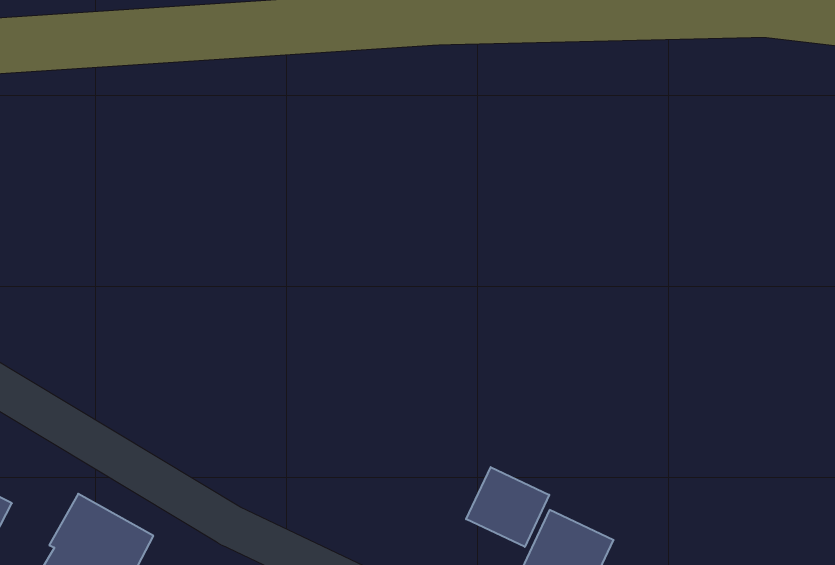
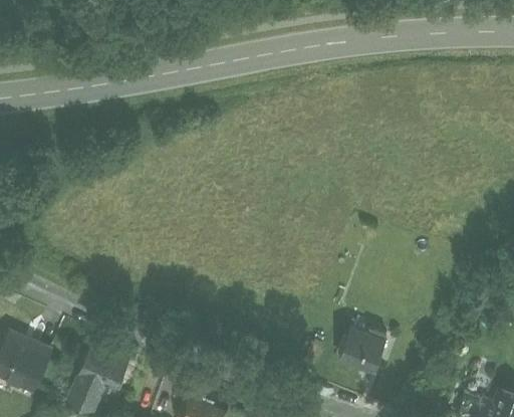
building: [466,467,549,547] -> none

